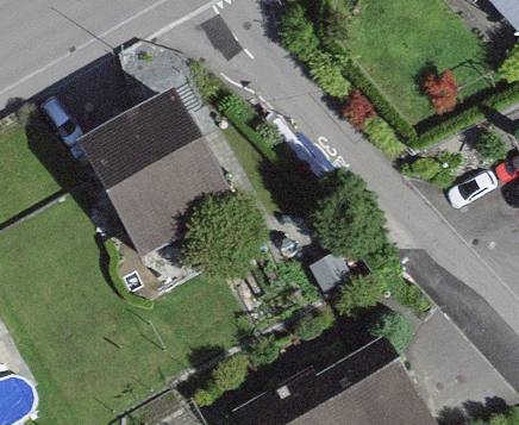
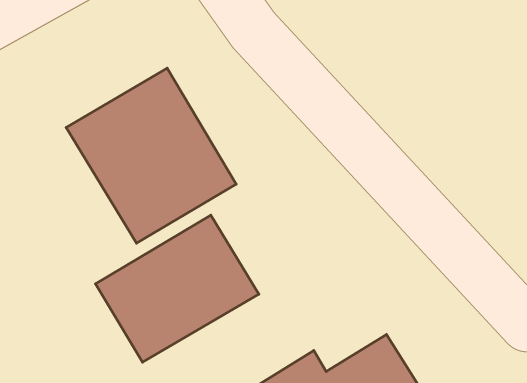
building: none -> [96,215,259,362]

